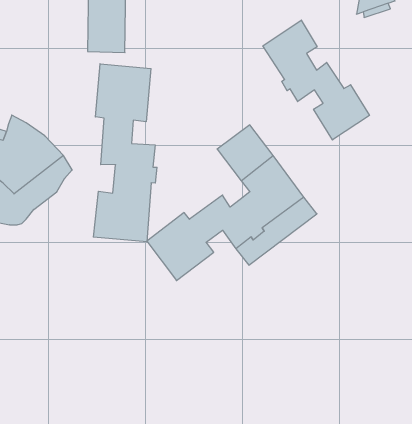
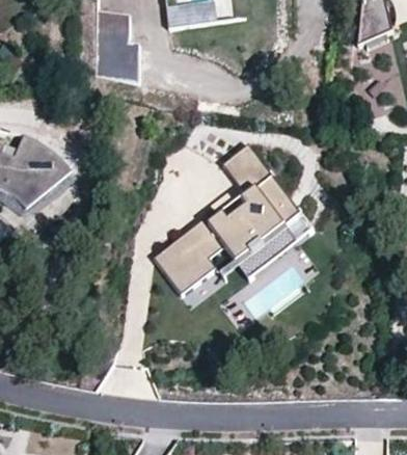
building: [263,20,369,140] -> none
building: [93,64,157,242] -> none

